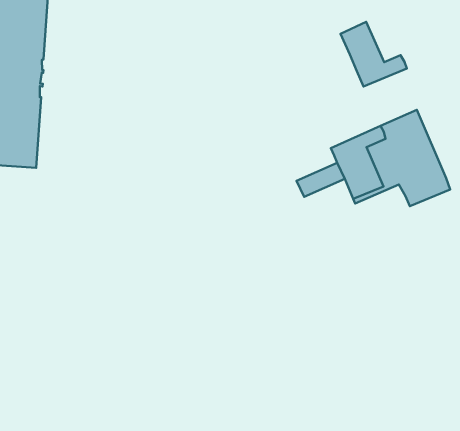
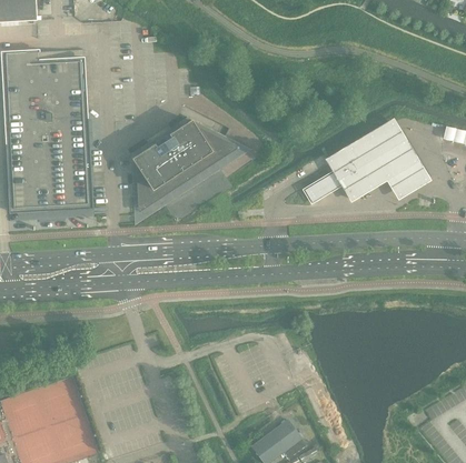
building: [340,22,407,86] -> none
building: none -> [132,119,237,210]

